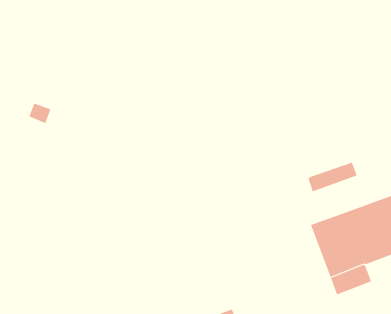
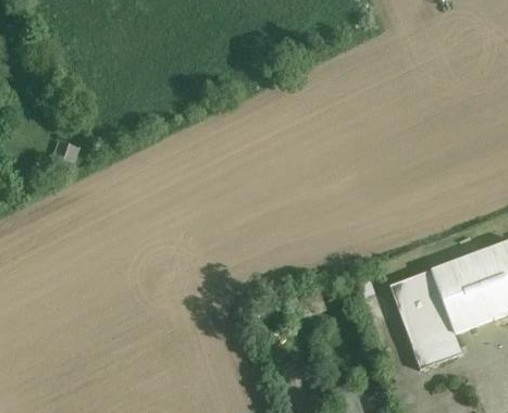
building: [308,162,358,192] -> none

